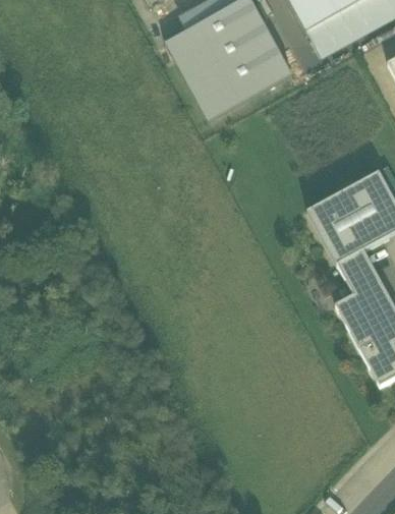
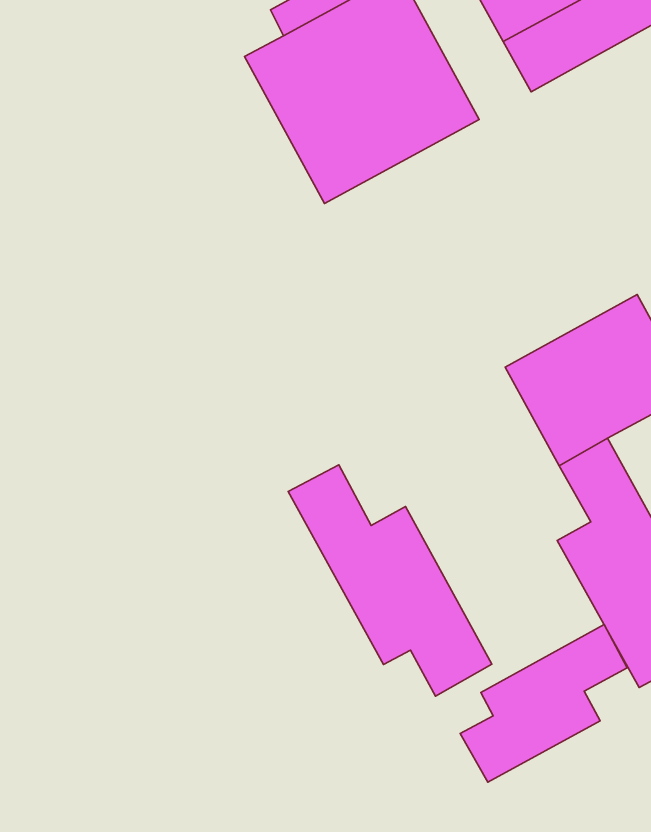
building: none -> [288,465,492,696]
building: none -> [460,624,627,782]

